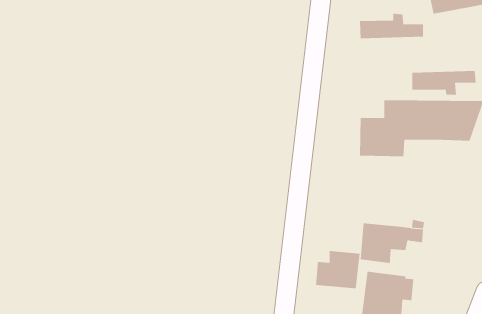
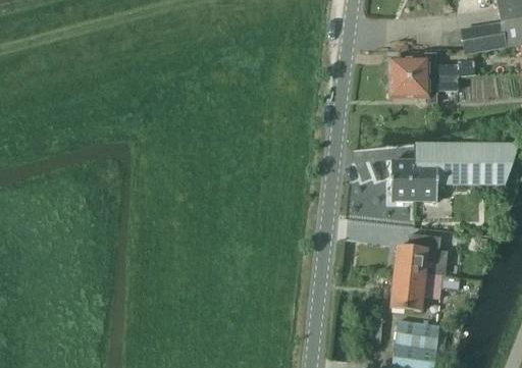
building: [411,70,476,95] -> [392,76,459,102]
building: [315,251,360,289] -> [395,233,441,273]

